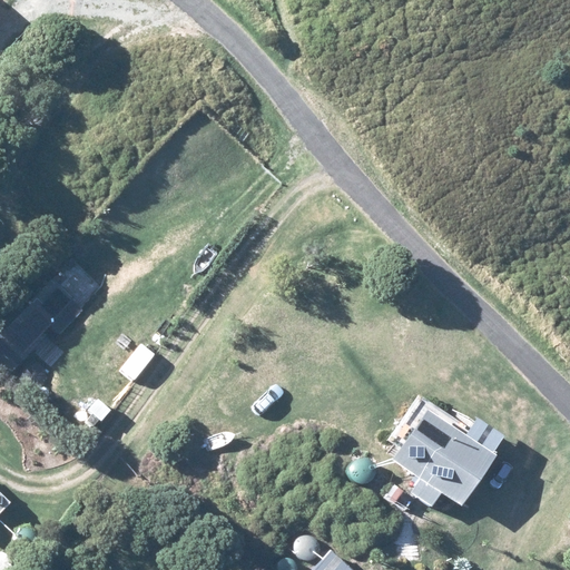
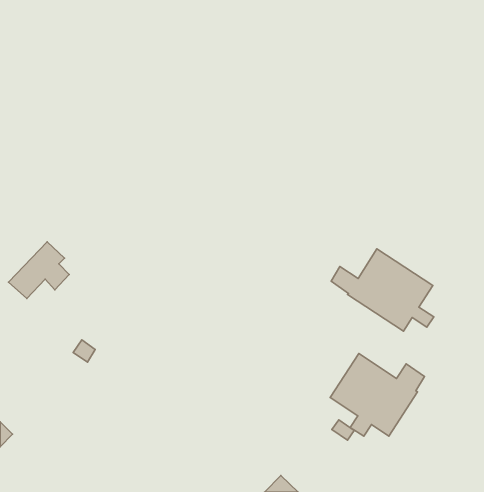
building: none -> [331,249,434,331]

